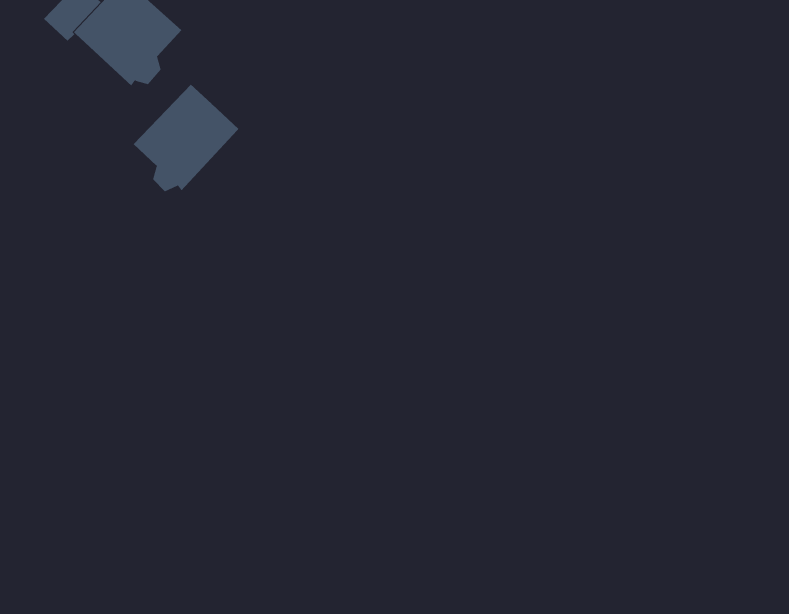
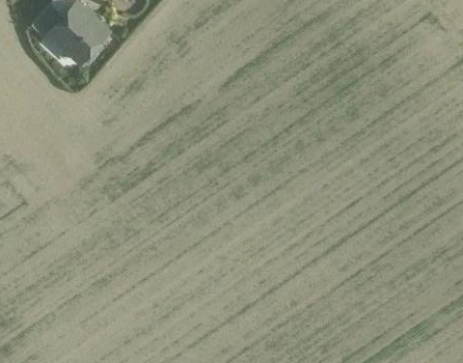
building: [133,84,239,192] -> none

